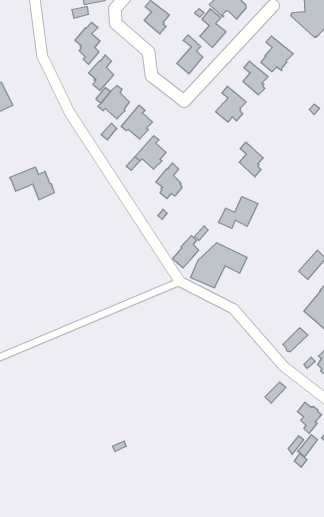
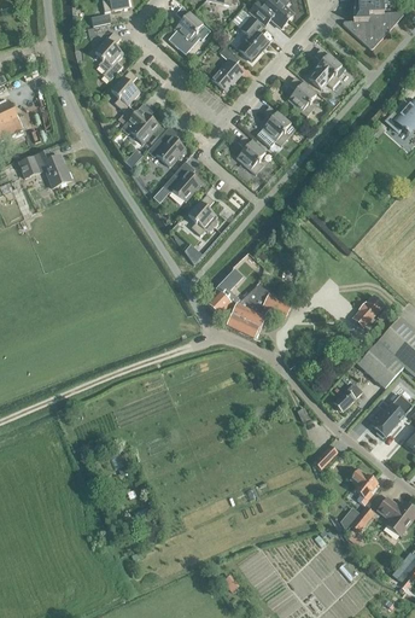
building: [239,142,263,177] -> [236,134,264,174]
building: [9,167,54,200] -> [18,150,70,187]
building: [218,197,258,228] -> none

